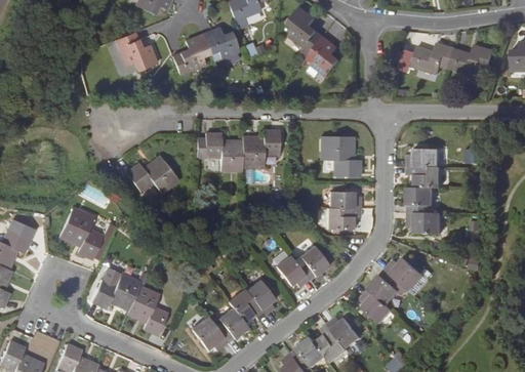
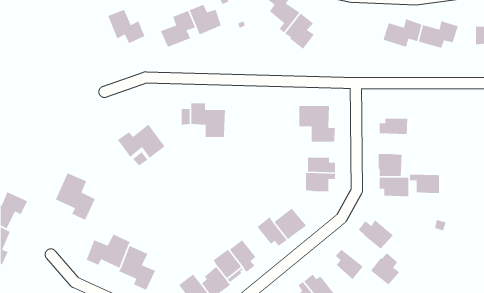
building: [242,129,280,167] -> none
building: [407,166,440,188] -> [409,174,440,194]
building: [367,268,399,304] -> [370,252,400,286]

